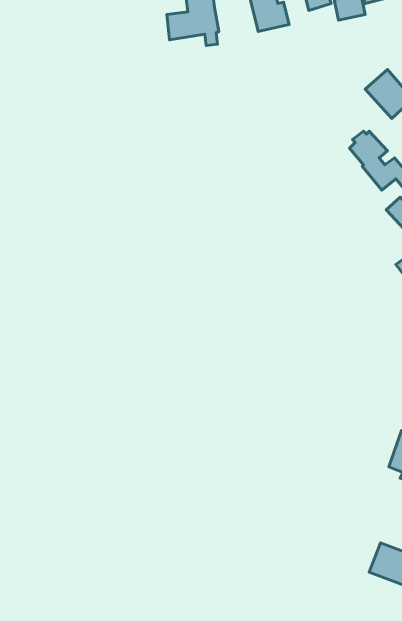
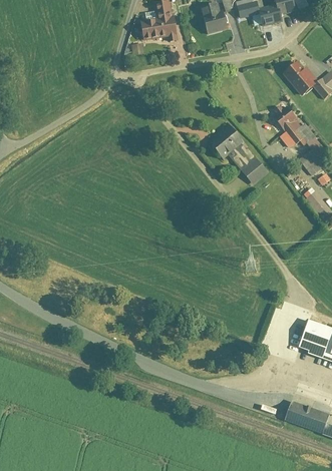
building: none -> [208,124,267,184]

